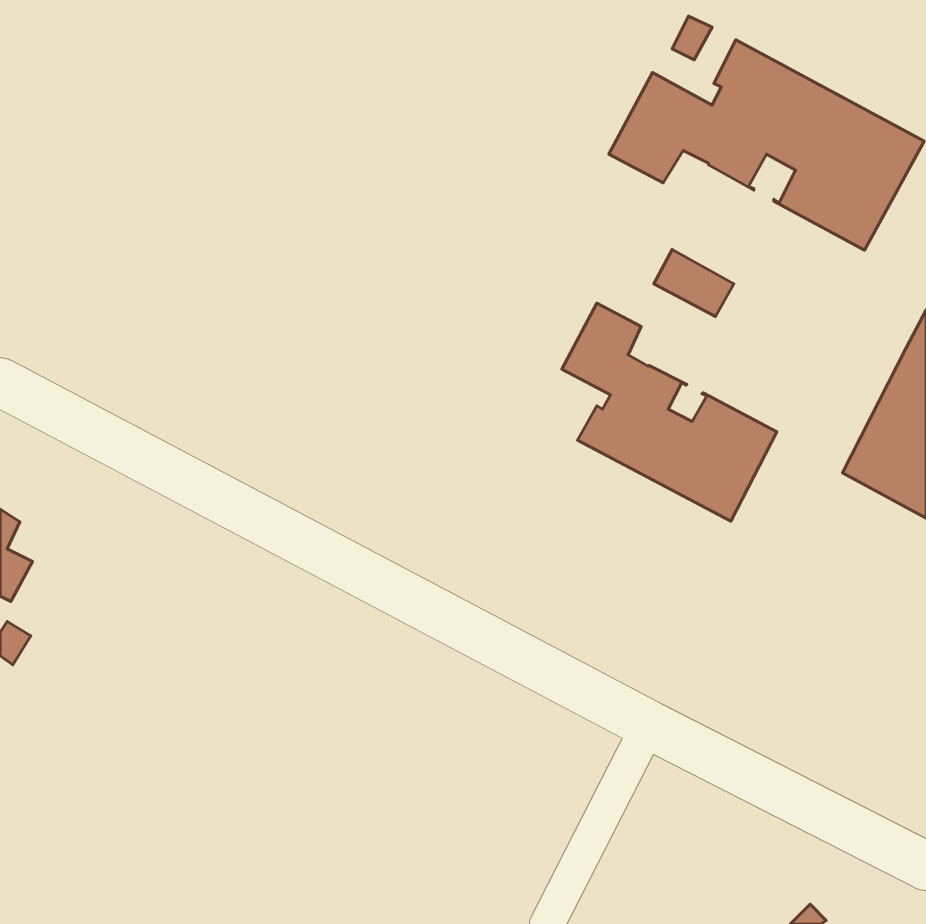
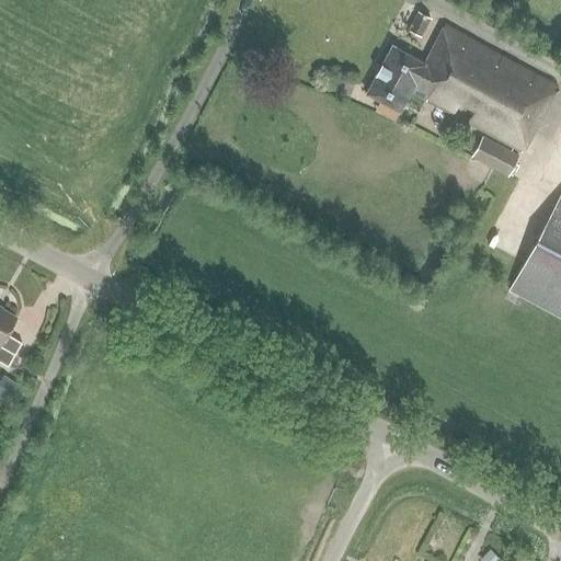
building: [654,249,734,316] -> [472,134,520,174]
building: [562,303,777,521] -> none

